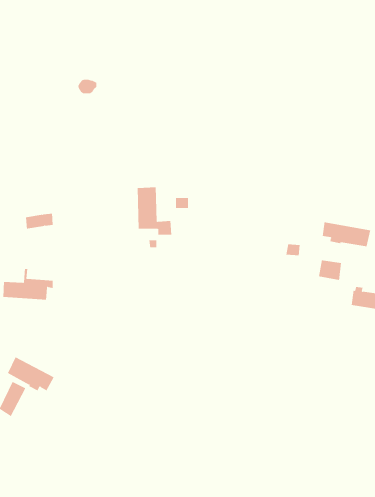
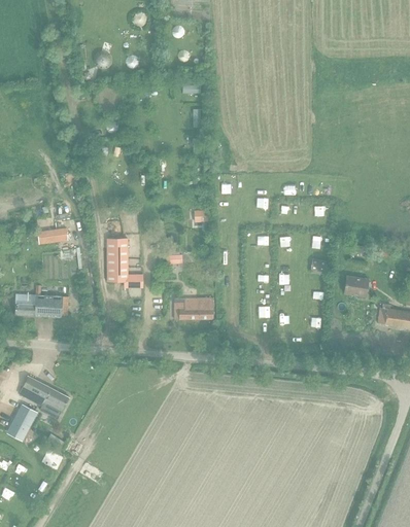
building: [137,187,172,235] -> [106,237,143,287]
building: [322,222,371,247] -> none
building: none -> [173,295,213,318]

